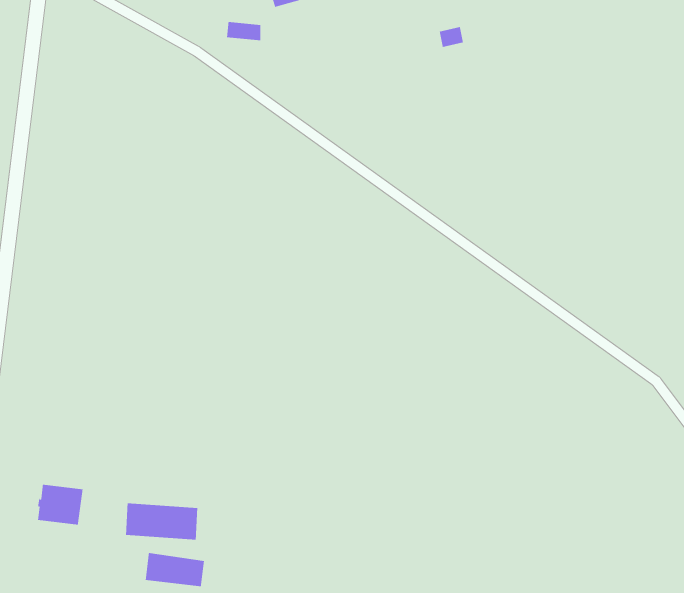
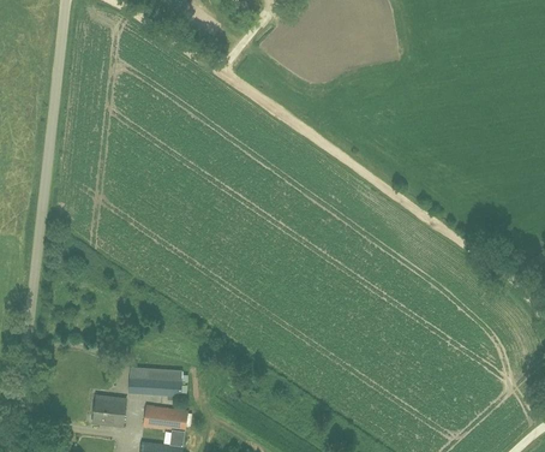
building: [37,484,84,525] -> [94,394,127,424]

